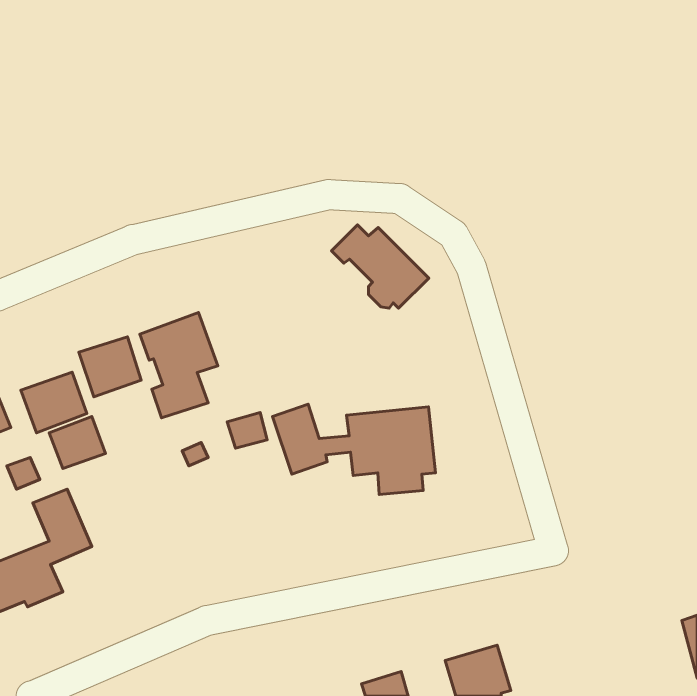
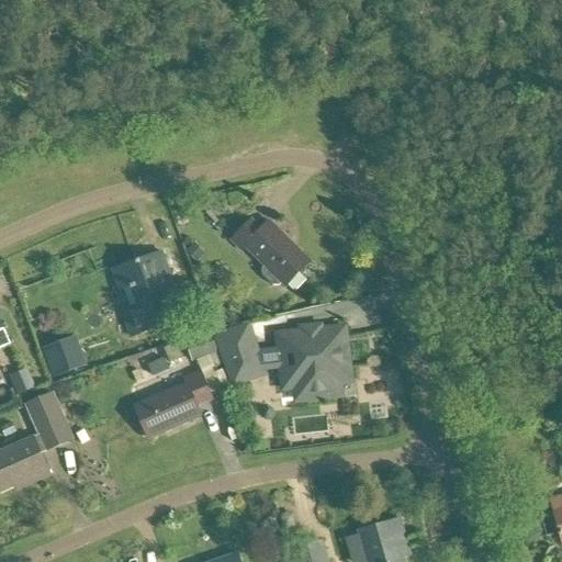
building: [332,225,429,308] -> [231,216,308,283]
building: [79,337,141,397] -> none
building: [21,372,87,433] -> none
building: none -> [134,371,211,436]

